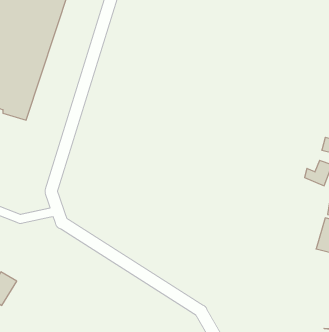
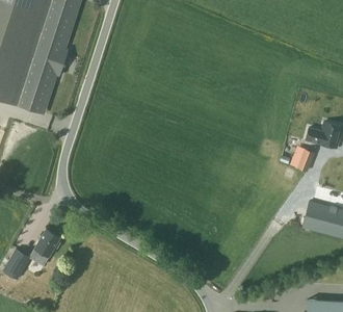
building: none -> [34,229,61,258]

